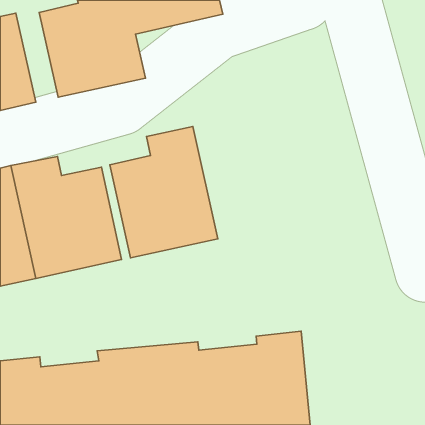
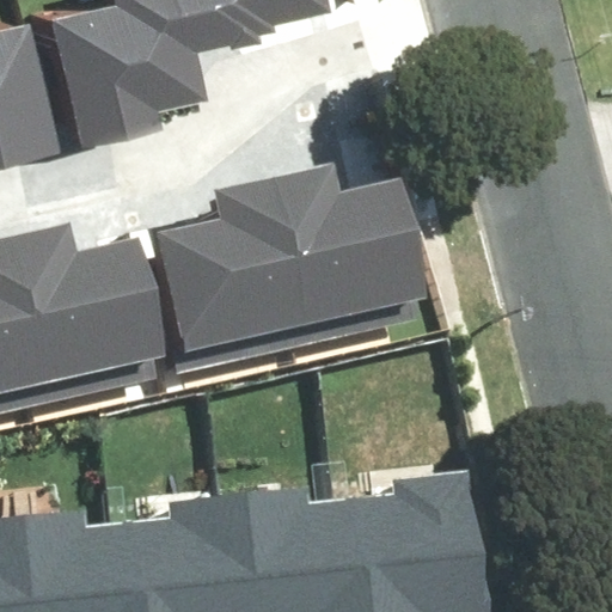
building: none -> [277,167,436,343]

